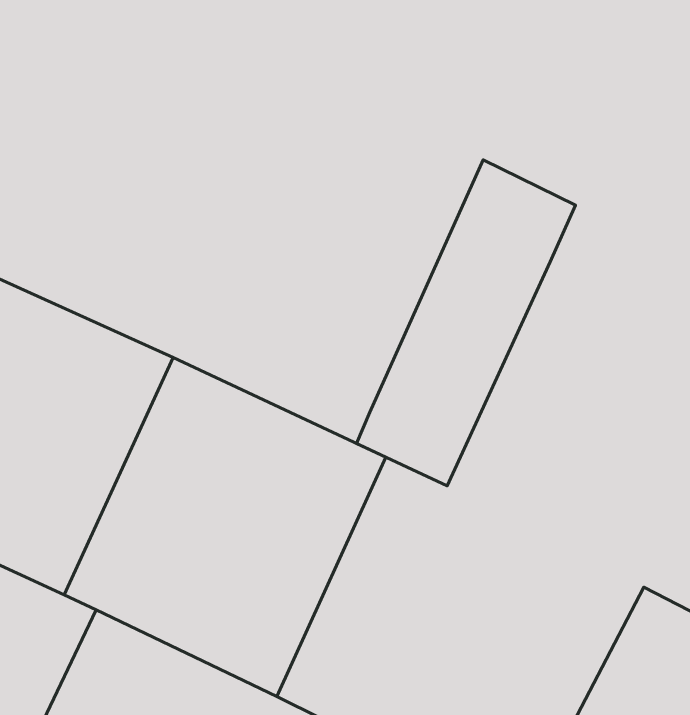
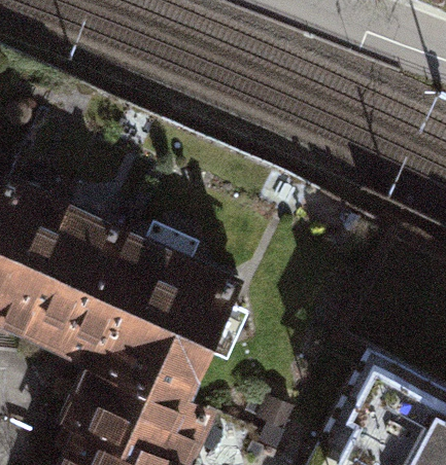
building: [356,160,576,486] -> none

